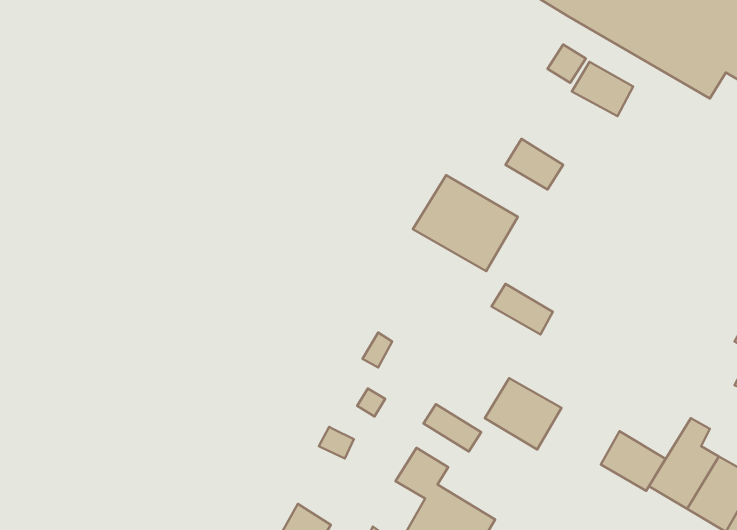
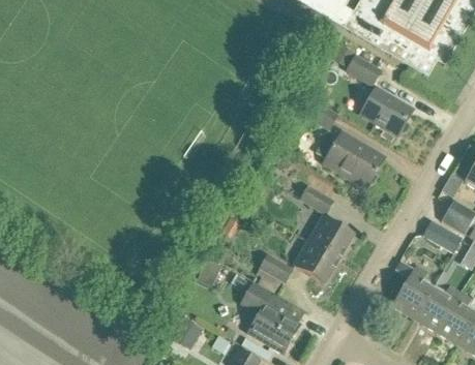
building: none -> [361,87,413,134]
building: [413,175,518,271] -> [323,130,385,187]
building: none -> [308,215,354,257]
building: [601,431,666,491] -> none

